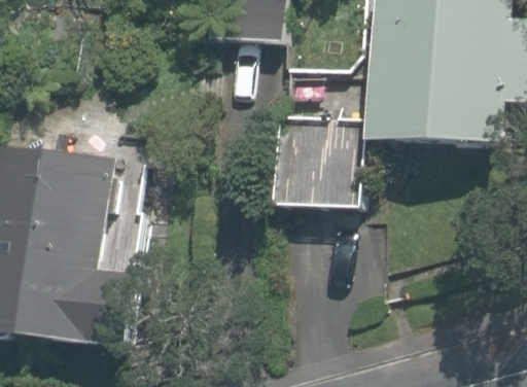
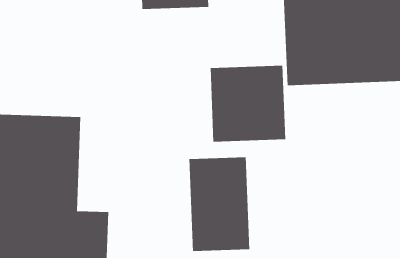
building: none -> [189,156,250,252]

